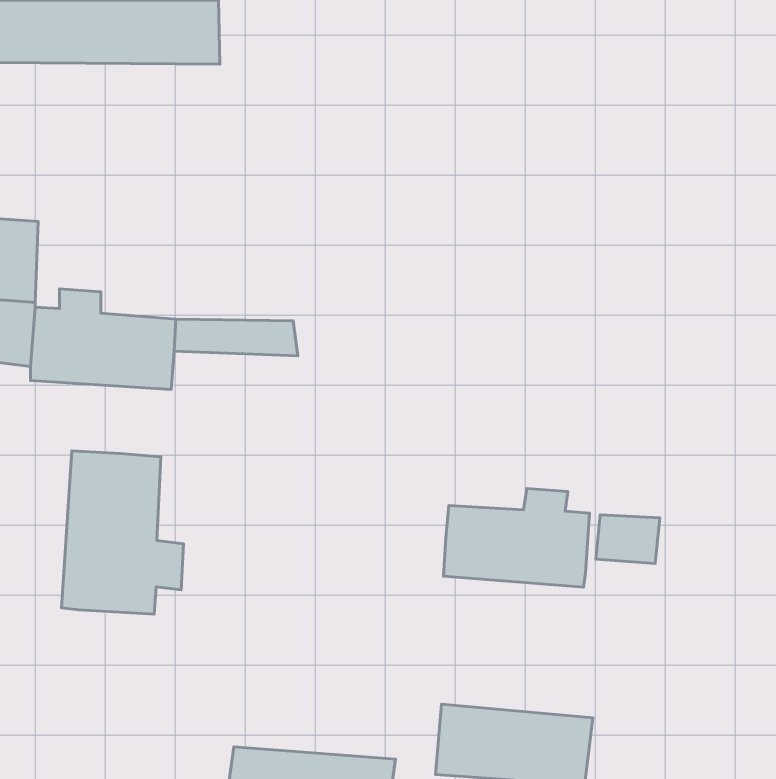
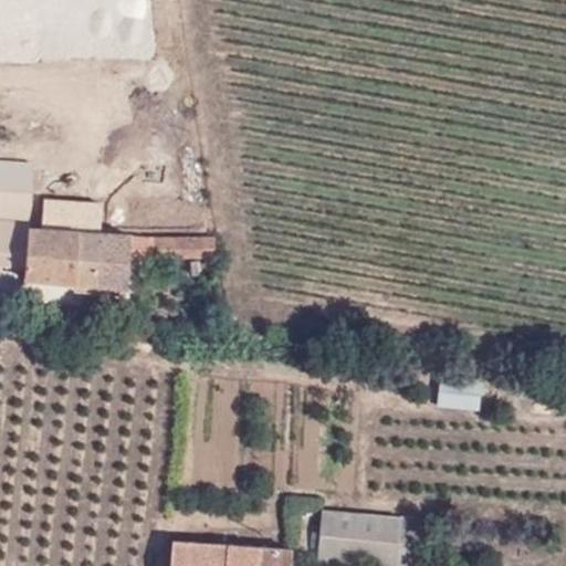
building: [62,451,184,614] -> none
building: [443,489,589,587] -> none

